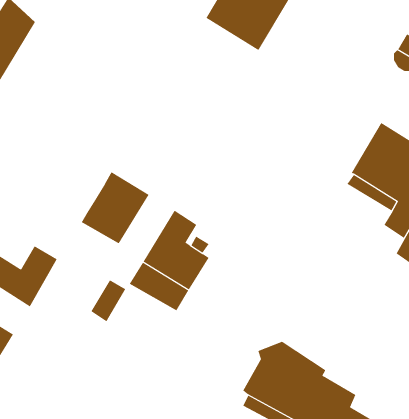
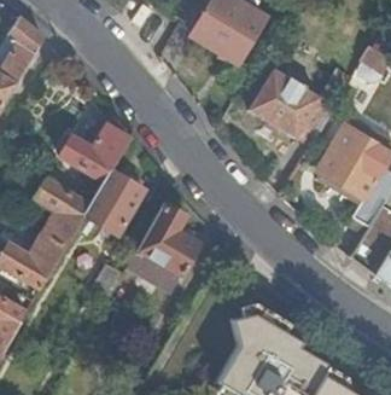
building: none -> [249,68,351,146]
building: none -> [62,124,129,180]
building: none -> [35,180,88,246]

